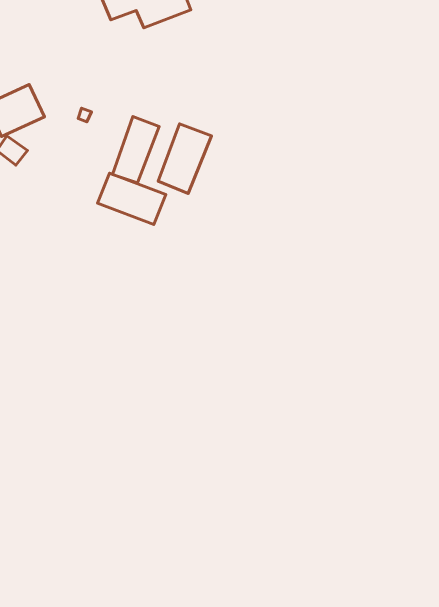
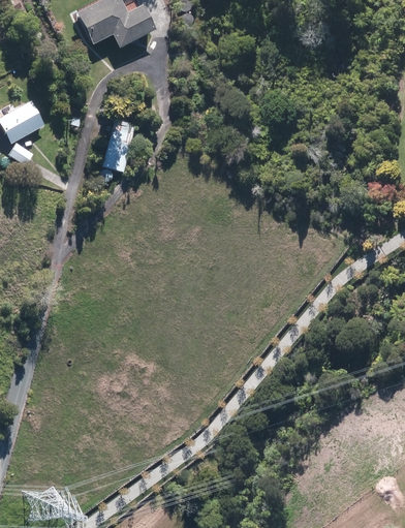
building: [158,124,212,193] -> none
building: [97,173,166,224] -> none

